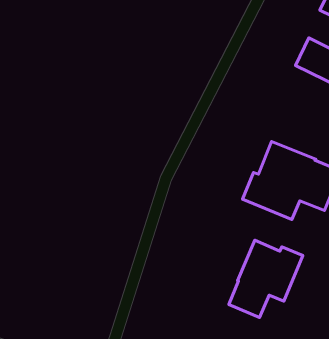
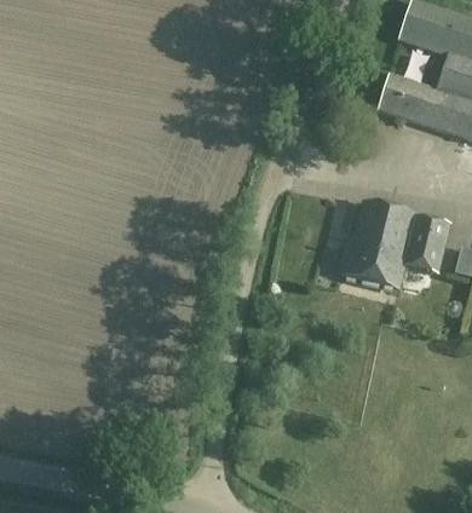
building: [229,240,303,318] -> none

